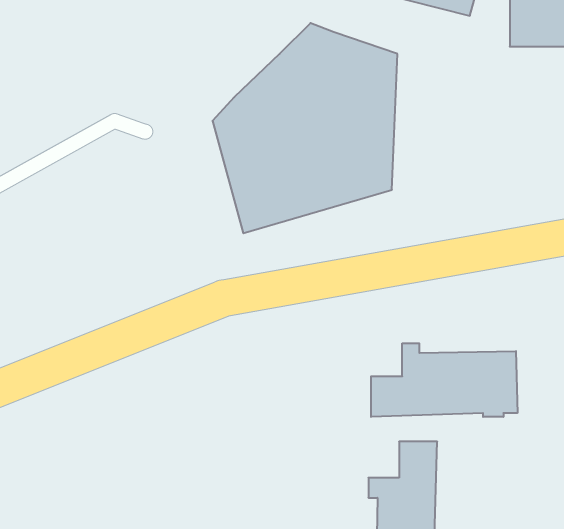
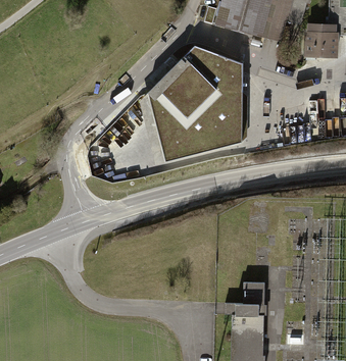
building: [371,343,517,417] -> none

